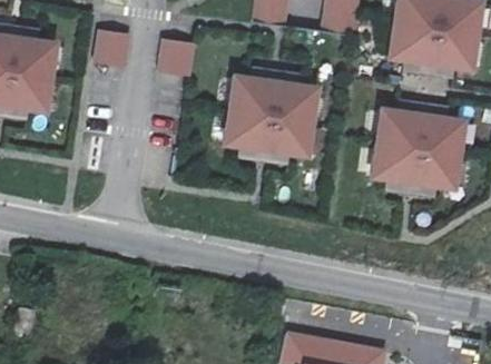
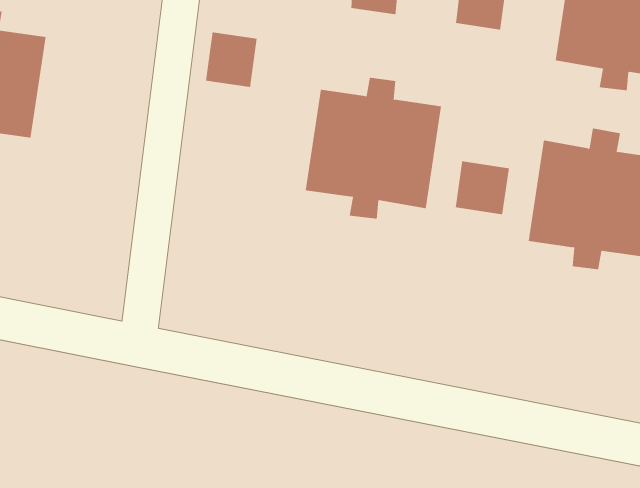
building: [96,26,130,62] -> none
building: none -> [455,161,509,215]

